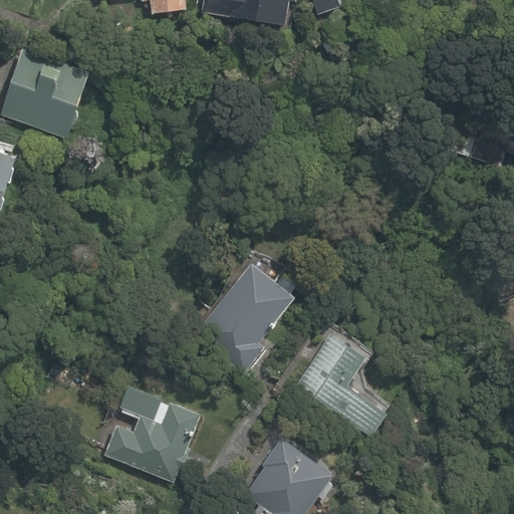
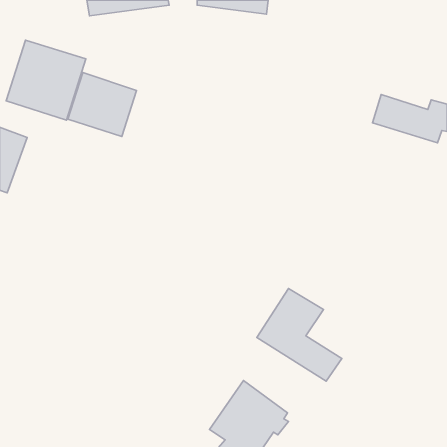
building: none -> [68,73,137,137]
building: [191,261,292,371] -> none
building: [96,388,198,480] -> none

